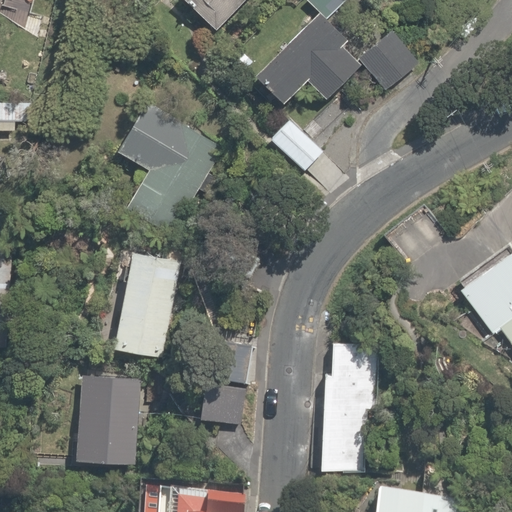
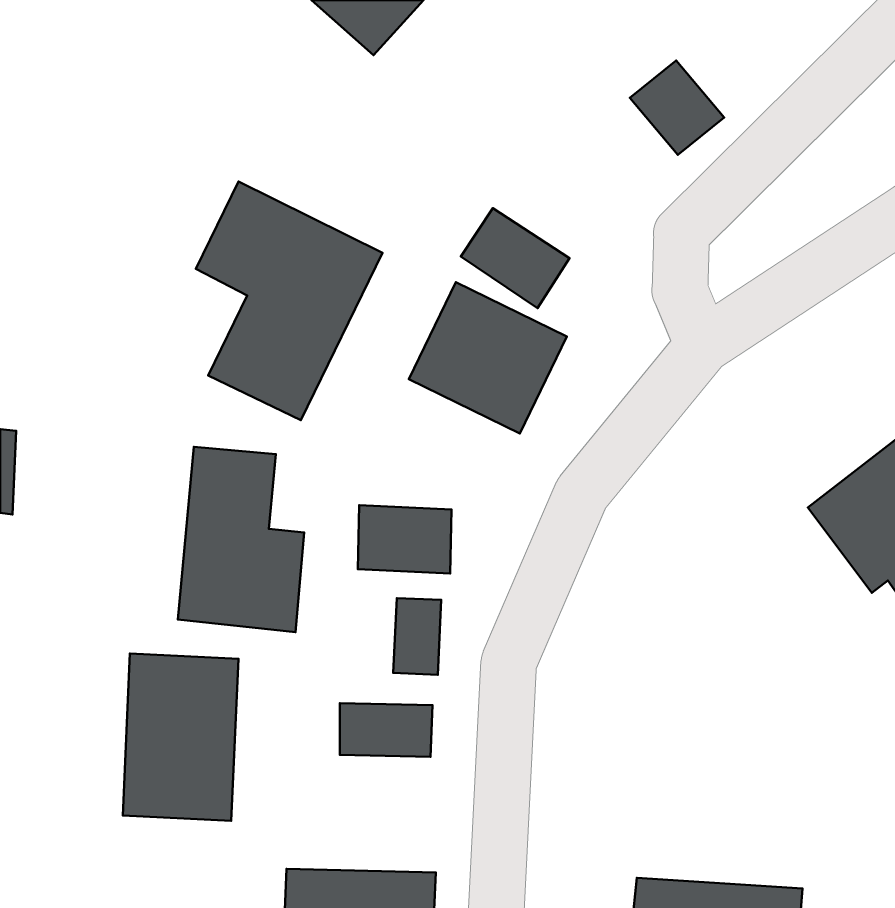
building: [251,15,361,105] -> none
building: none -> [409,282,567,434]
building: none -> [358,505,451,573]
building: [318,343,389,473] -> none

